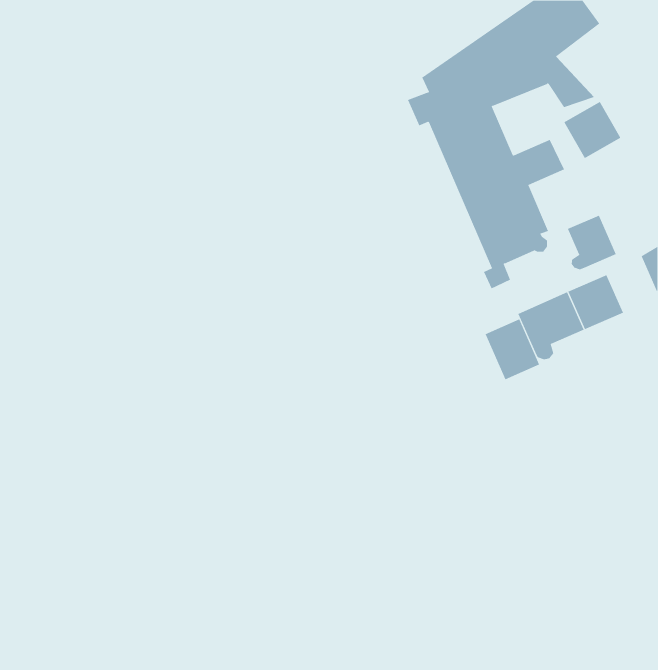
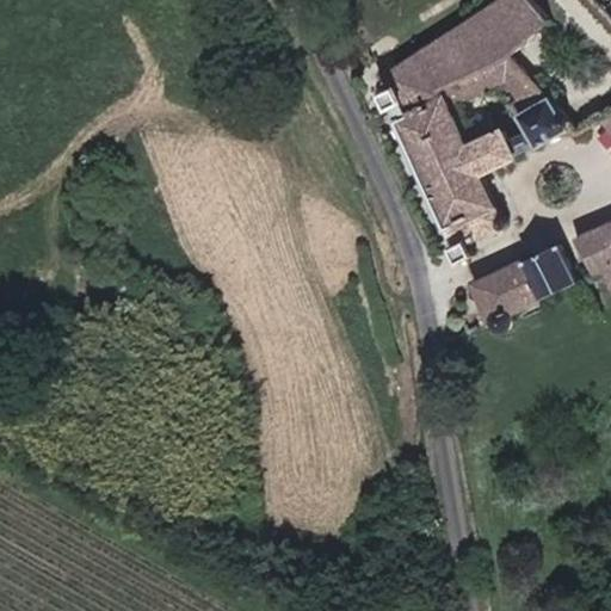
building: [567,215,616,270] -> none
building: [485,318,540,380] -> none

